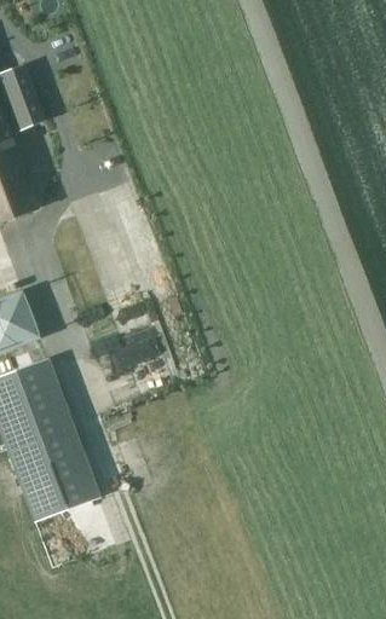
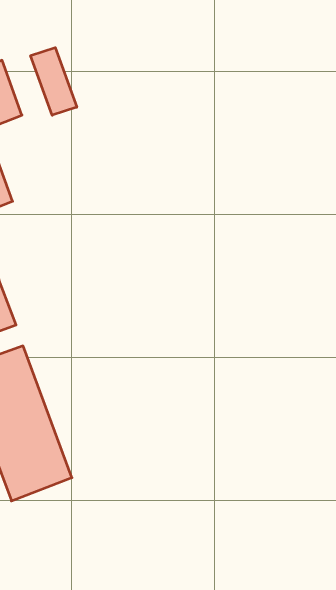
building: none -> [31,48,77,115]

